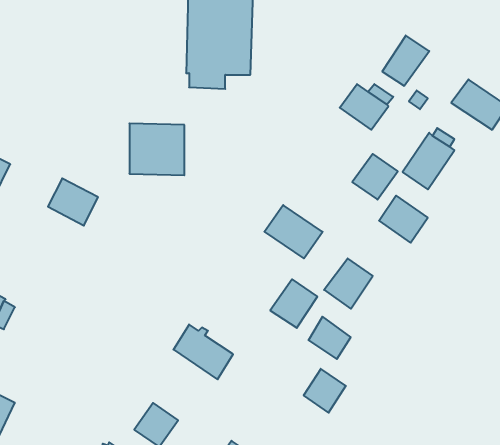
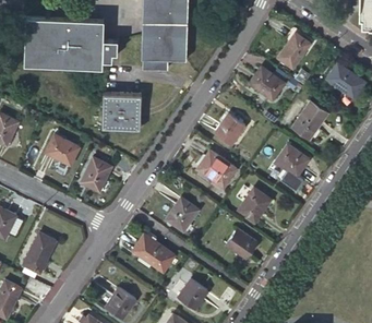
building: none -> [25,16,117,67]
building: [352,154,398,200] -> [213,113,244,145]
building: none -> [80,157,112,192]
building: [270,279,317,328] -> [165,198,197,231]
building: none -> [23,232,56,273]
building: [304,369,346,413] -> [178,279,207,310]

